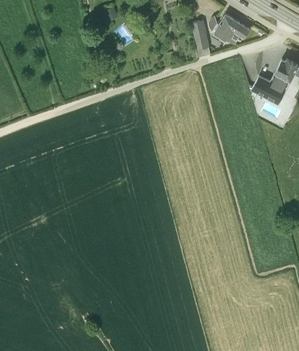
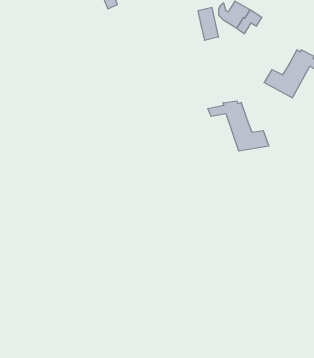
building: none -> [208,101,269,151]

